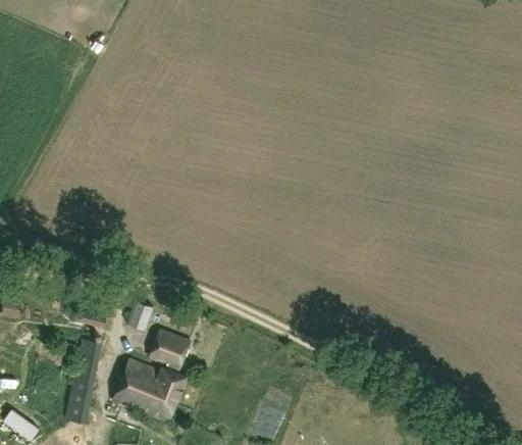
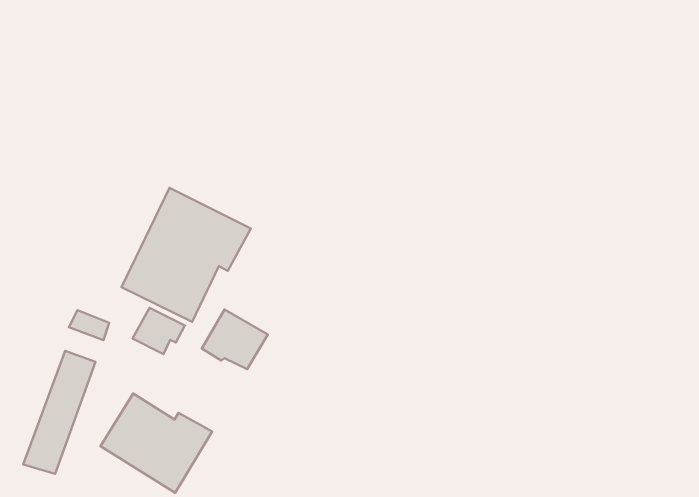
building: none -> [122,188,251,322]
building: [148,328,191,365] -> [202,309,268,369]

